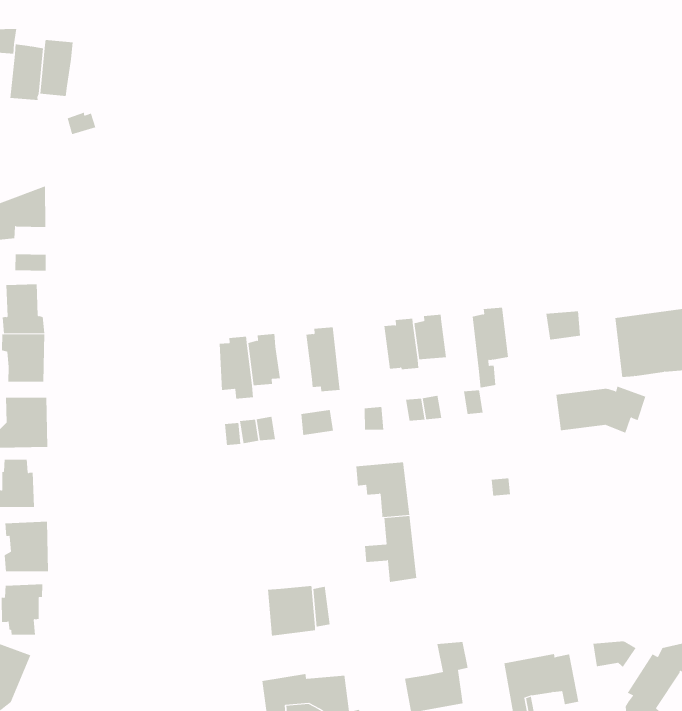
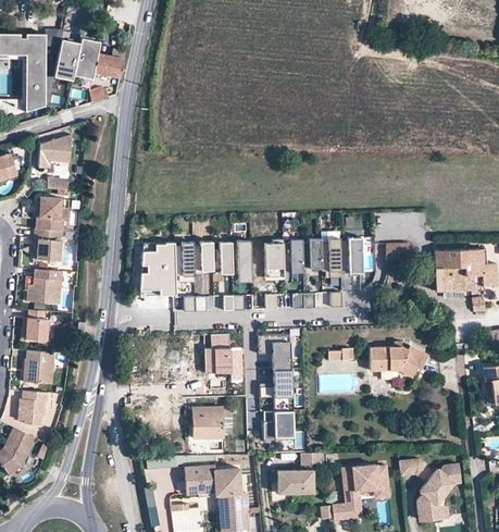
building: none -> [91,49,123,77]
building: none -> [321,239,341,279]
building: none -> [265,240,284,279]
building: none -> [212,243,233,274]
building: none -> [141,245,175,294]
building: [555,386,646,434] -> [364,346,423,378]
building: none -> [203,336,240,380]
building: none -> [261,409,291,440]

